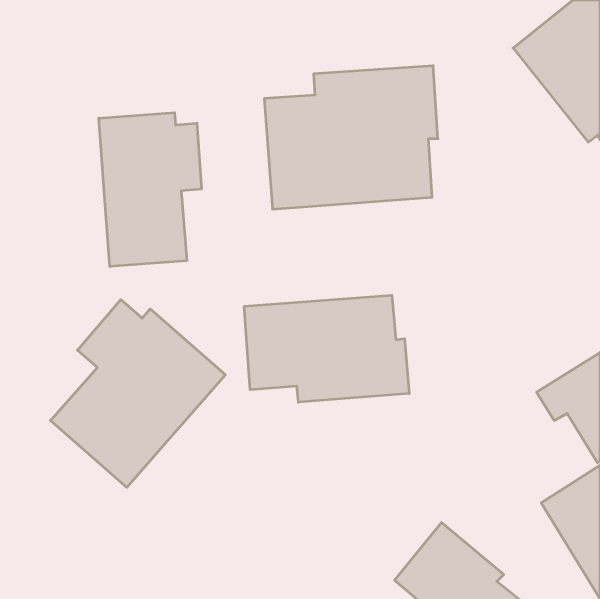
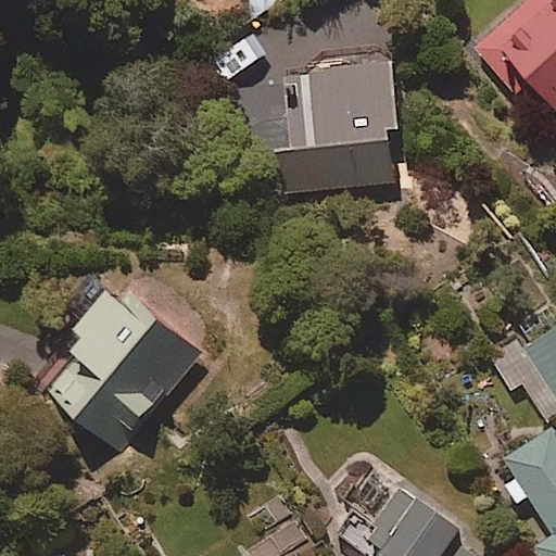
building: [99,113,201,267] -> none
building: [244,295,409,402] -> none

